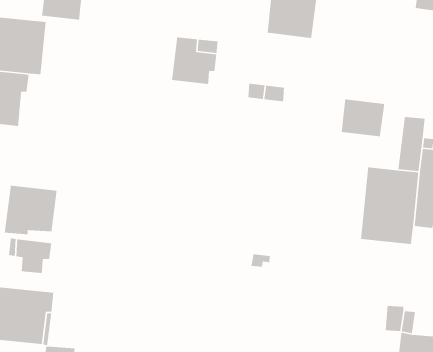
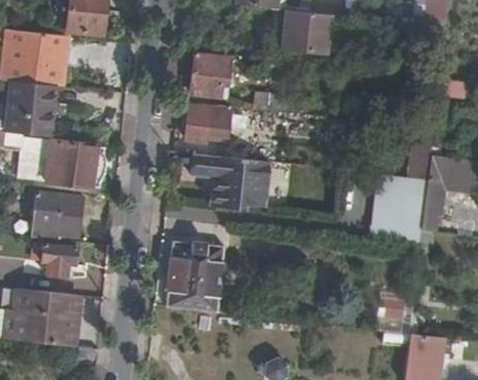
building: none -> [184,103,230,147]
building: [341,98,385,137] -> none
building: none -> [34,139,92,184]
building: none -> [189,154,268,209]
building: none -> [167,242,225,311]

